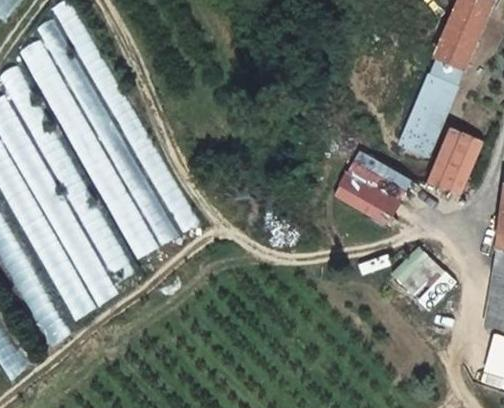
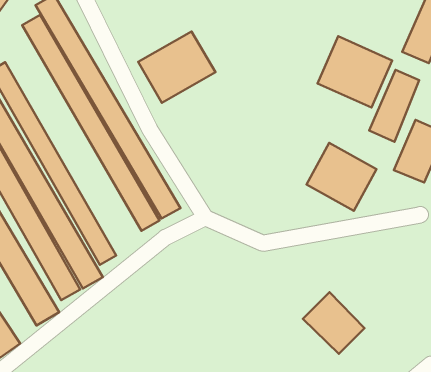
building: none -> [138,31,215,103]
building: none -> [317,36,392,108]
building: [19,41,157,258] -> none
building: [389,246,454,311] -> [303,292,365,354]

